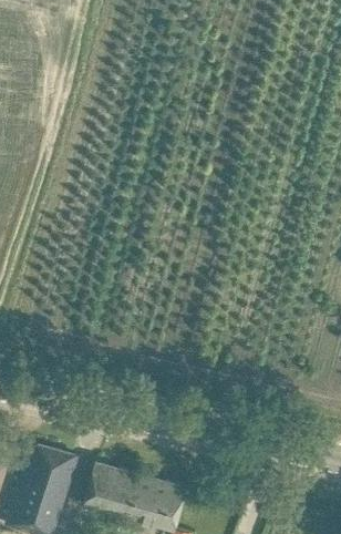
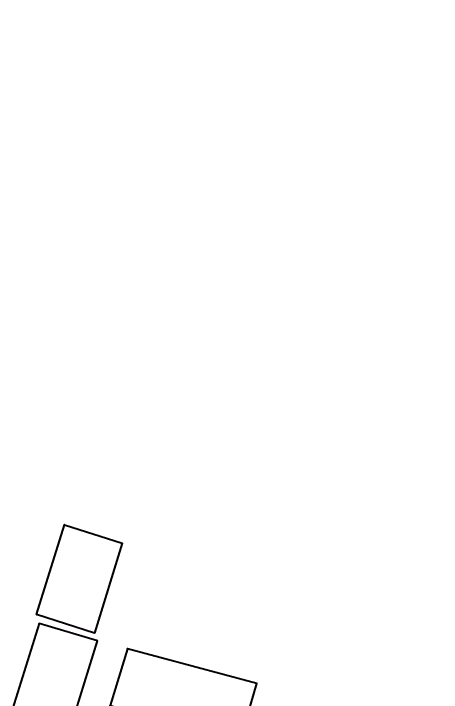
building: none -> [37,525,122,633]

